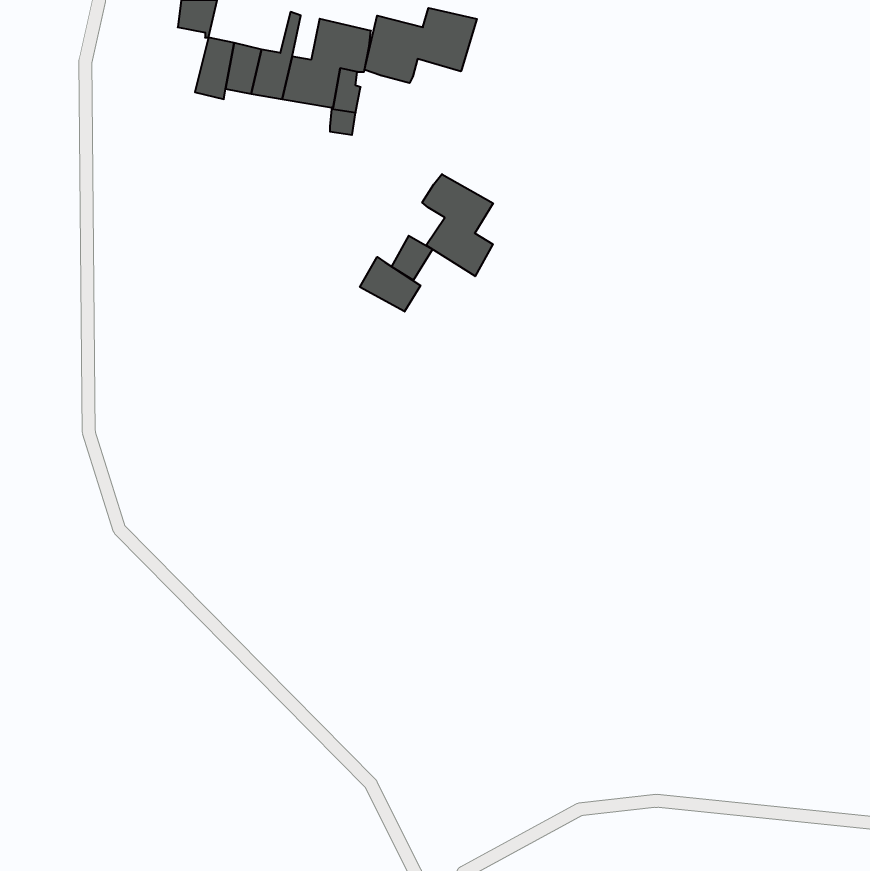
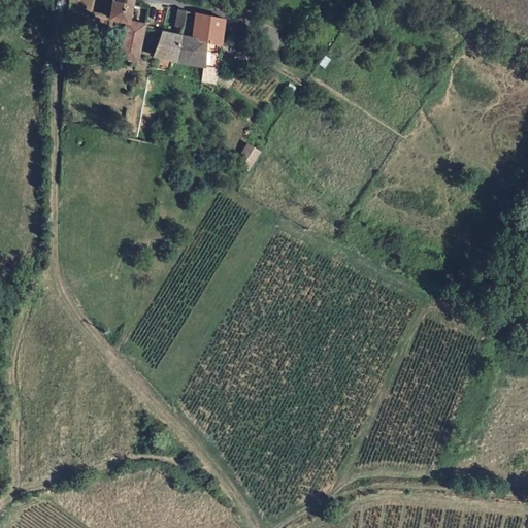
building: [364,8,477,83] -> none
building: [422,174,493,276] -> none
building: [360,257,420,312] -> none

